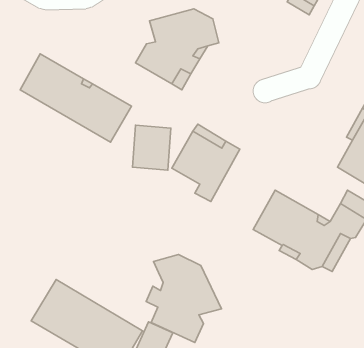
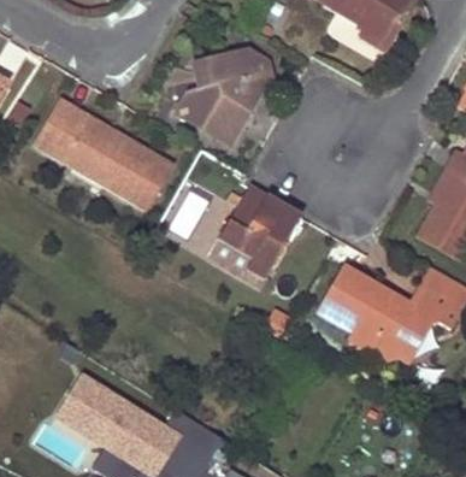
building: [146,254,221,342] -> none

